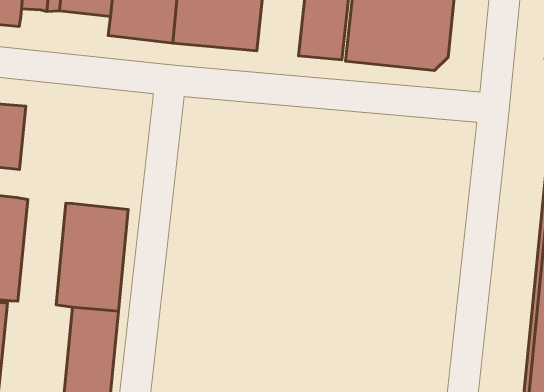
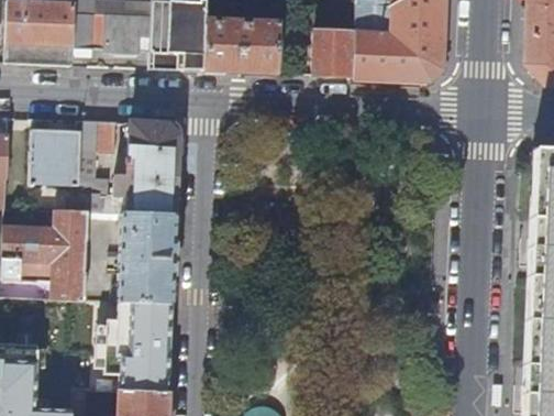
building: none -> [78,120,117,212]
building: none -> [114,122,178,216]

